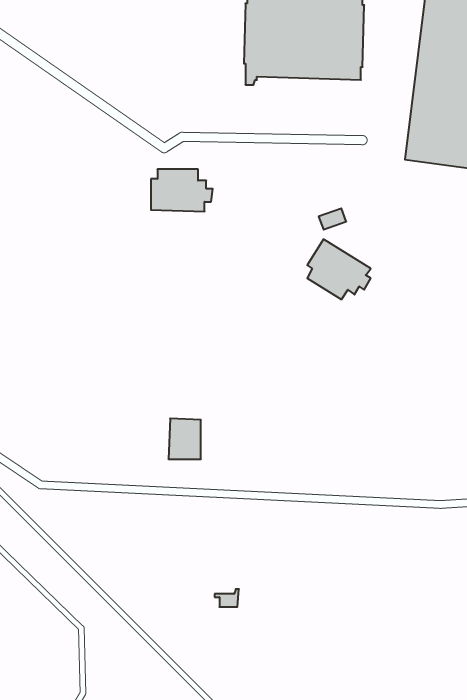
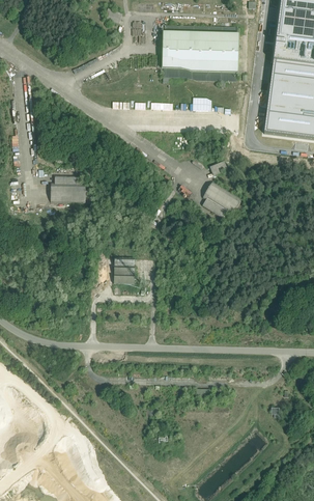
building: [151,169,213,211] -> [51,177,90,204]
building: [168,418,201,459] -> [114,259,135,285]

